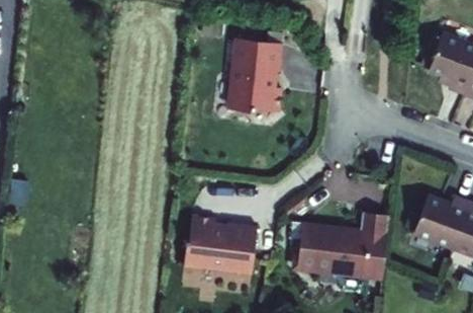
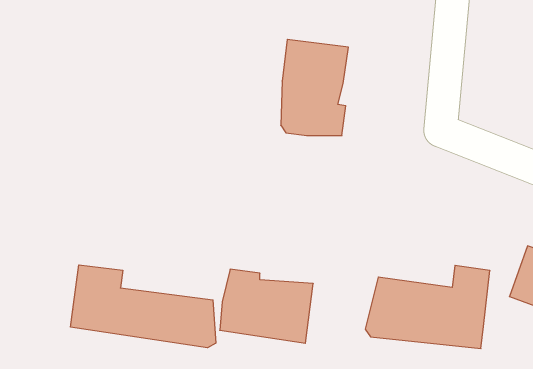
building: none -> [71,265,216,348]

